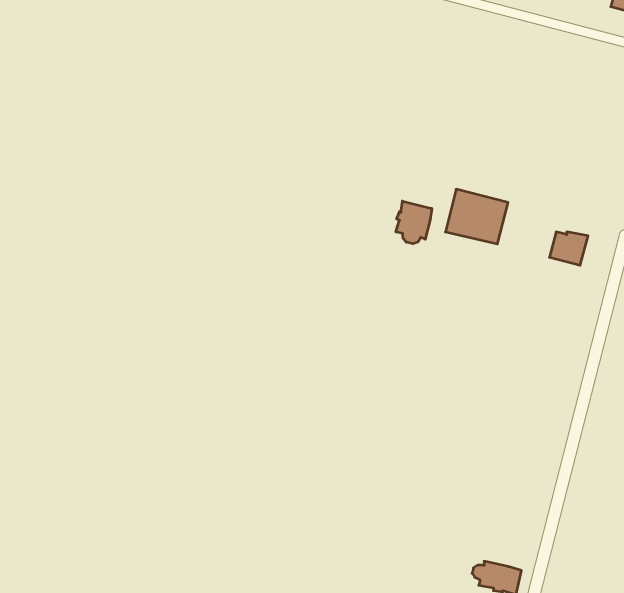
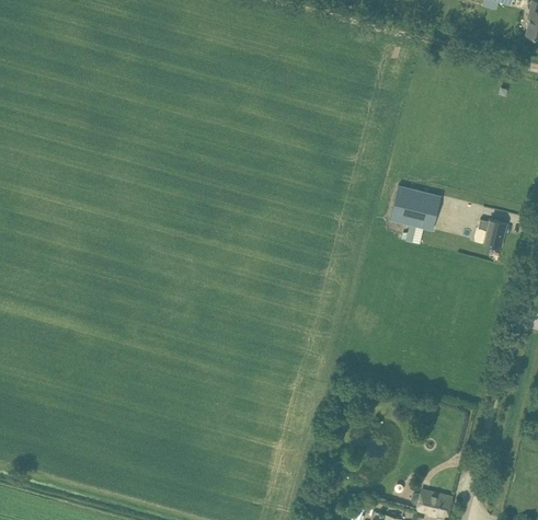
building: [396,201,432,244] -> none

